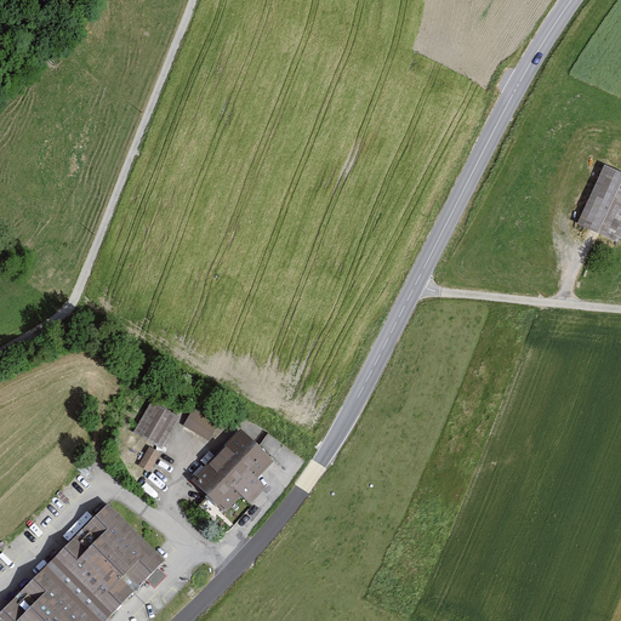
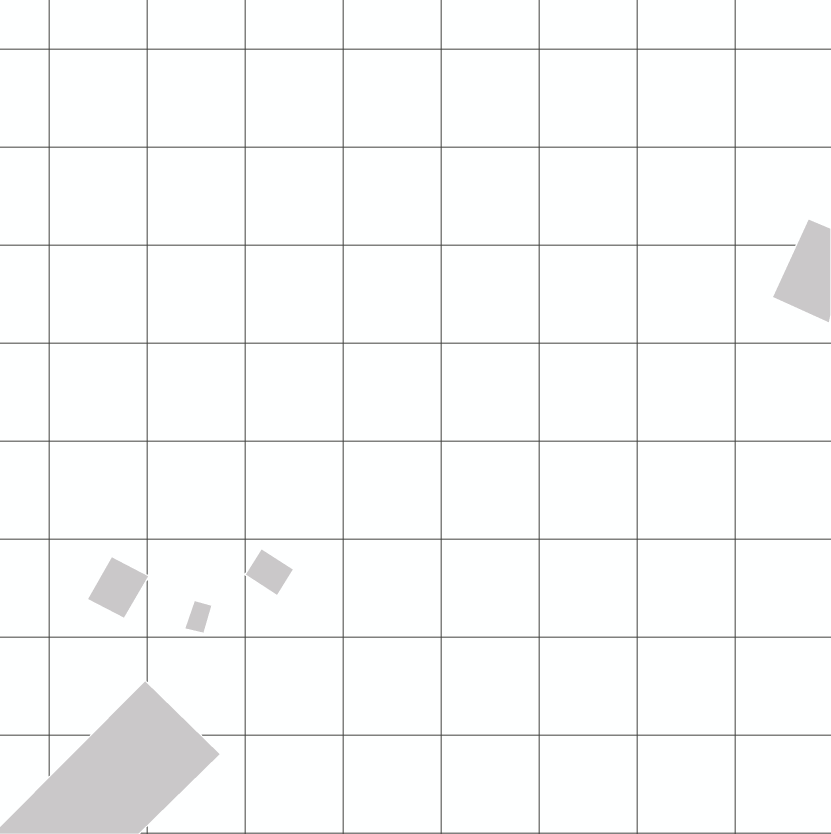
building: [133,403,180,449] -> [87,557,149,619]
building: [190,428,274,513] -> none

